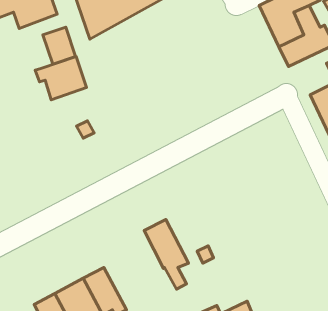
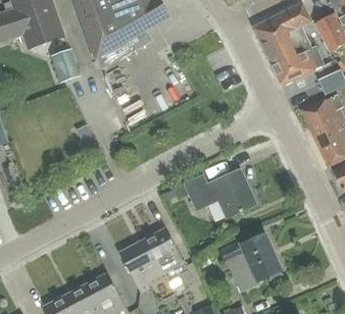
building: [35,56,87,100] -> none
building: none -> [184,168,256,217]
building: none -> [220,233,281,291]
building: none -> [118,238,163,293]

